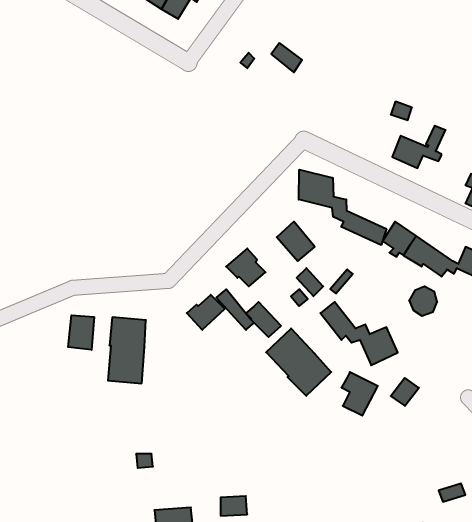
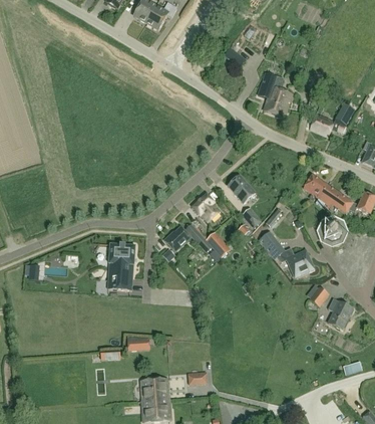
building: none -> [263,85,292,117]
building: [299,170,386,245] -> none
building: [68,315,94,350] -> none
building: [266,328,331,396] -> none
building: [341,372,378,416] -> [327,297,353,329]

